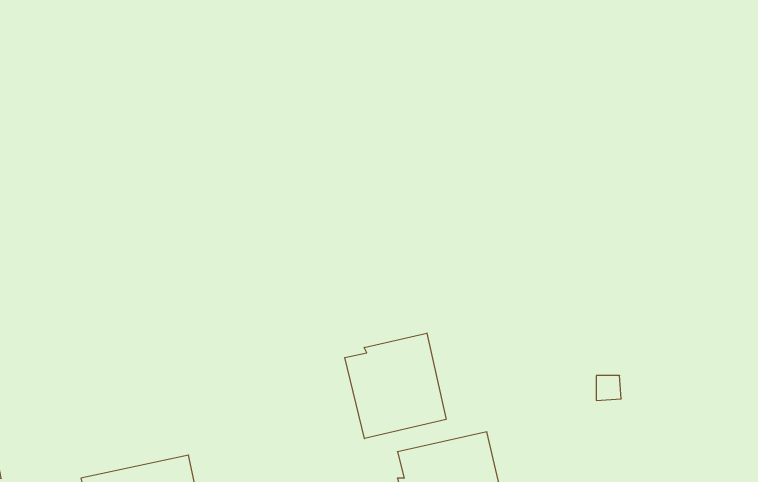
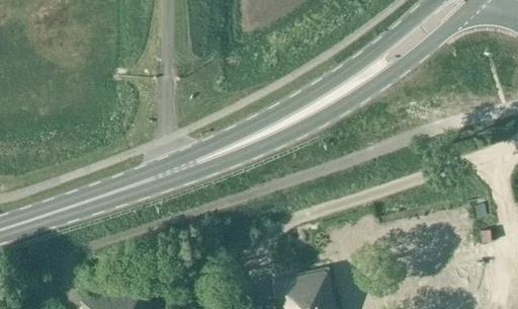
building: [345,333,446,439] -> none

